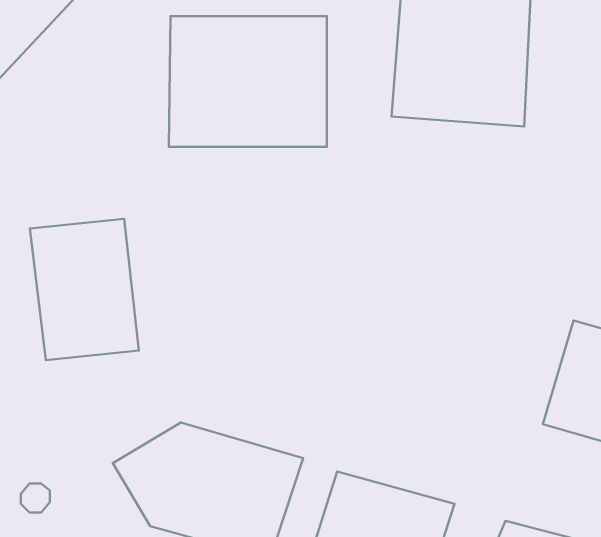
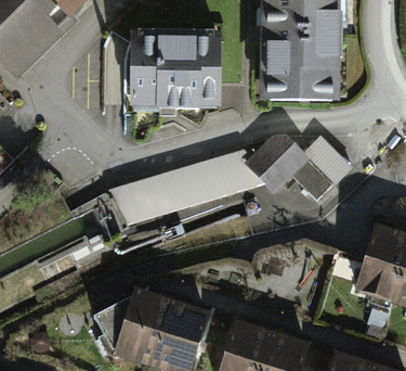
building: none -> [105,136,352,225]
building: [30,219,139,360] -> none

